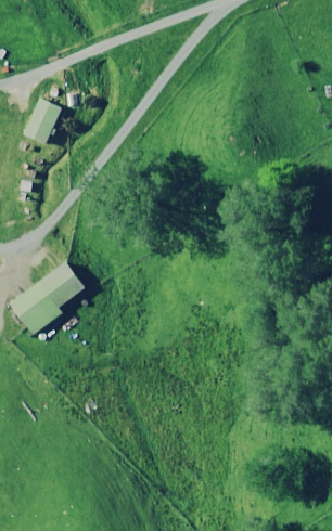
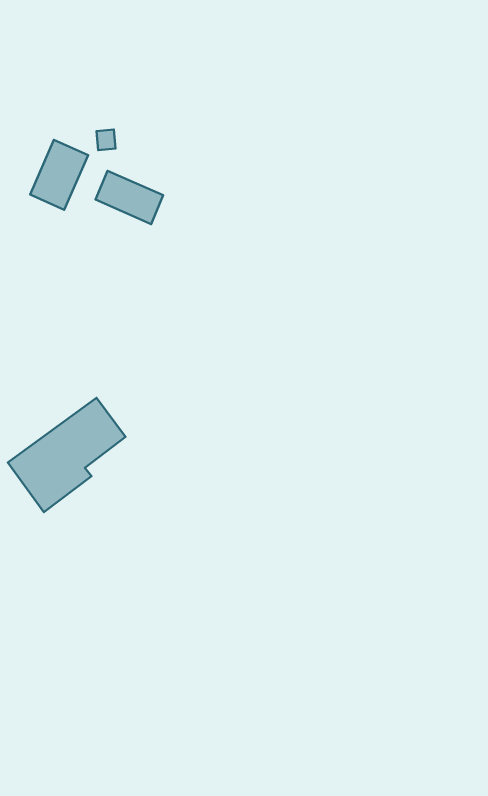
building: none -> [95,171,163,224]

